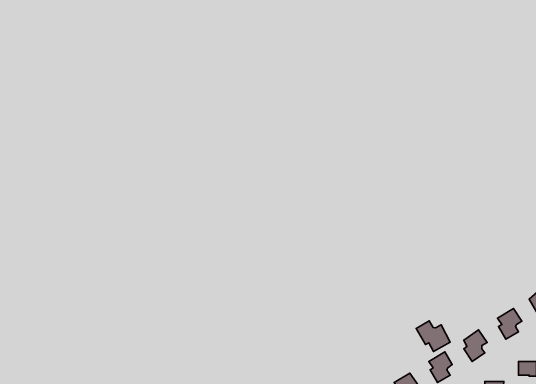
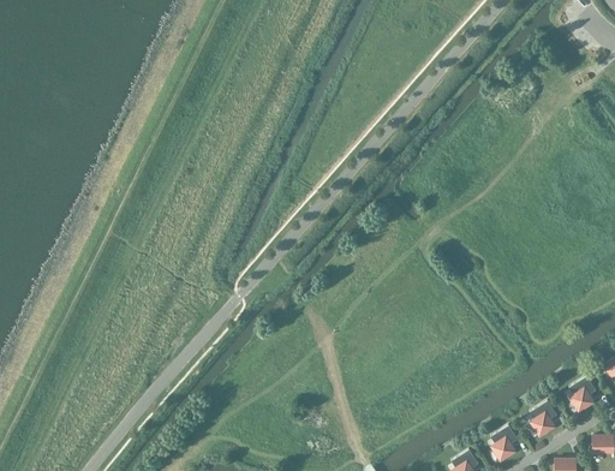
building: [416,321,450,351] -> none

